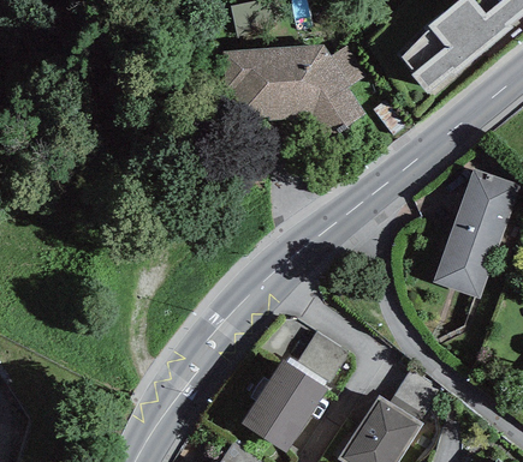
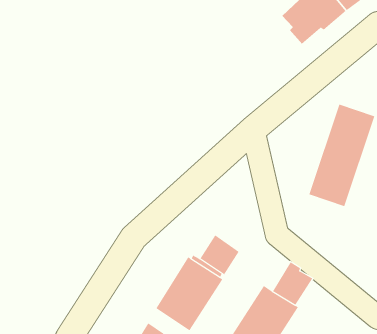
building: [221,43,368,134] -> none

